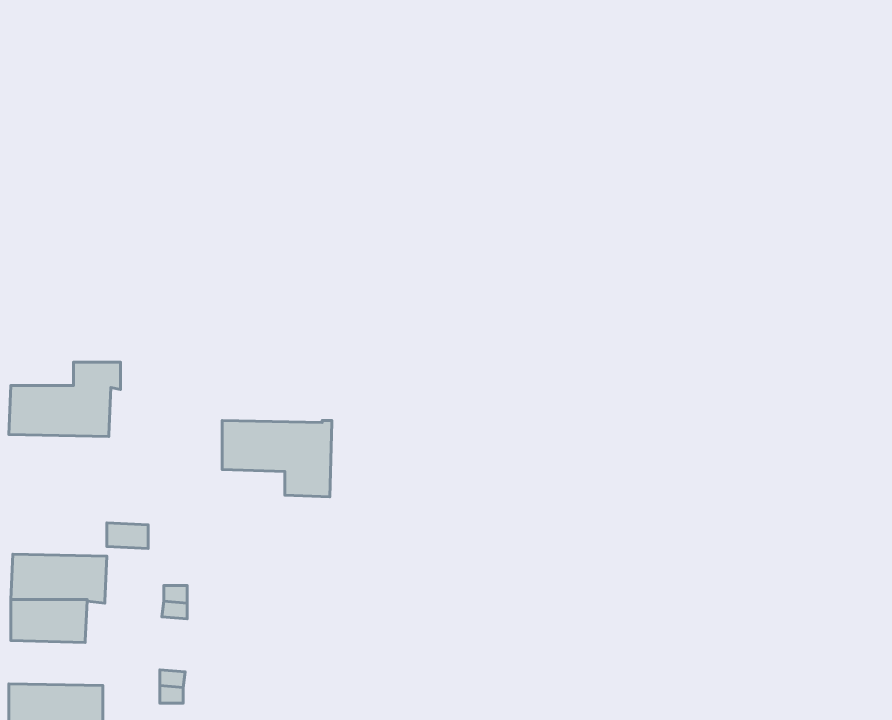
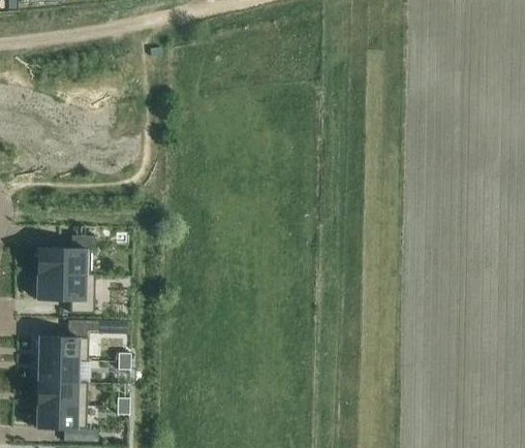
building: [222,421,332,497] -> [36,273,94,313]
building: none -> [36,381,87,405]

